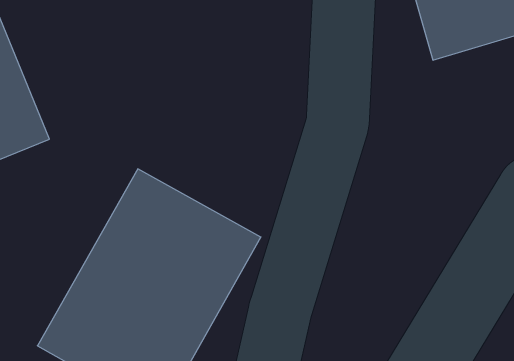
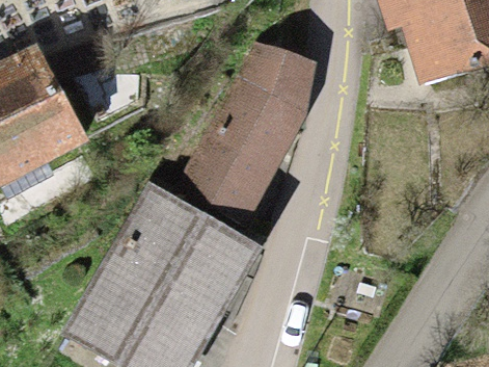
building: none -> [184,44,315,212]

